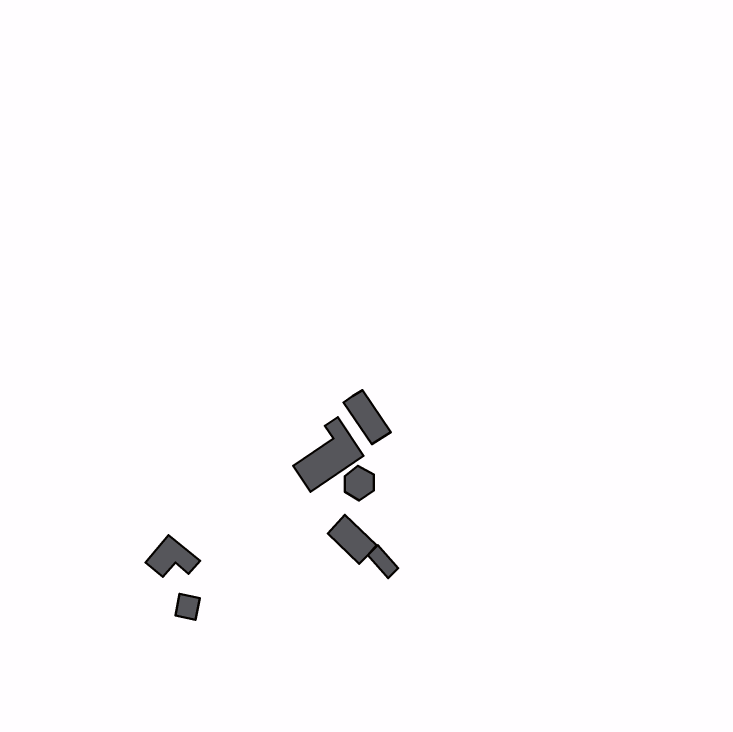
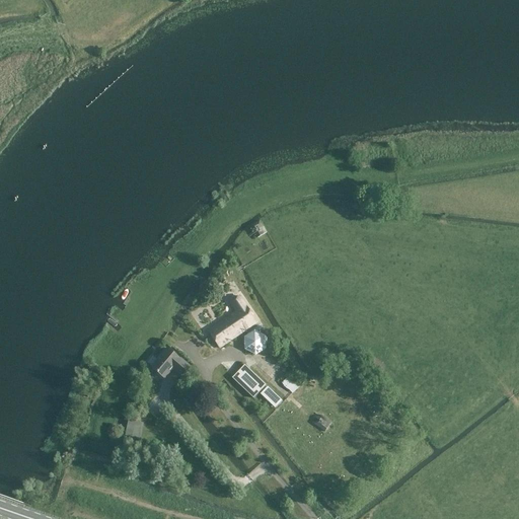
building: [344,390,391,444] -> none
building: [145,535,200,577] -> [150,347,189,376]

